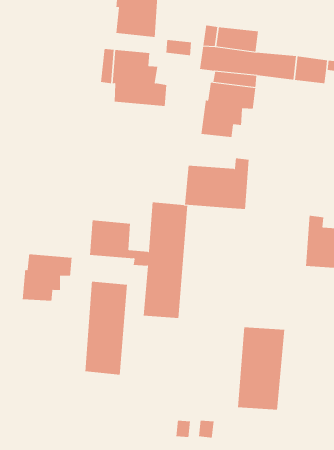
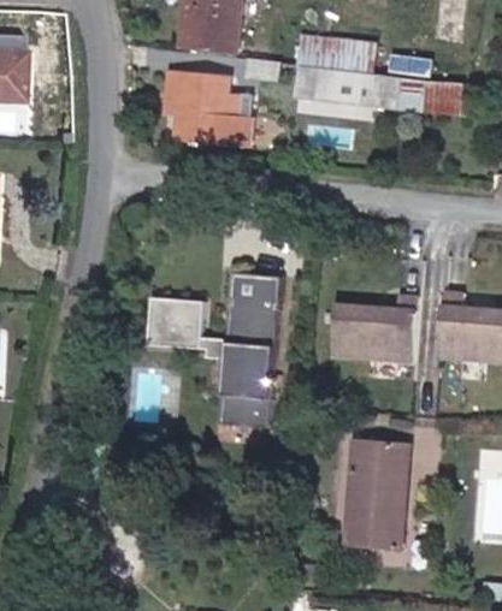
building: [201,82,256,138] -> none
building: [184,158,250,209] -> [329,293,415,362]
building: [22,254,72,302] -> none
building: [85,281,127,375] -> none

